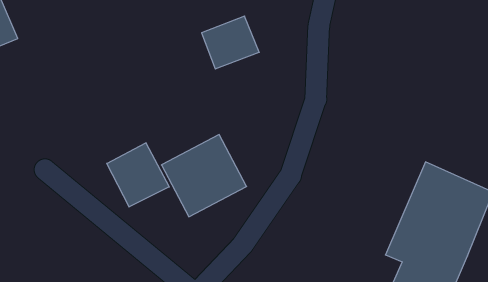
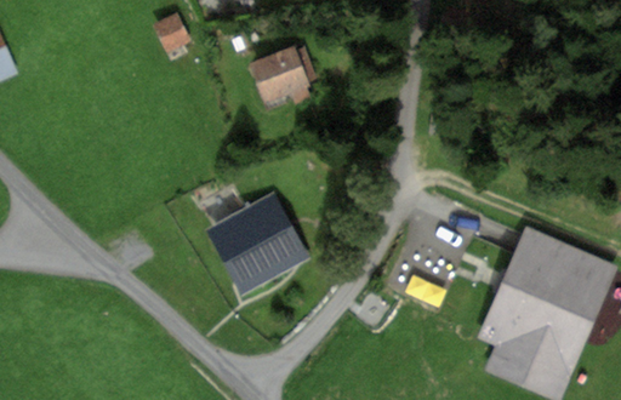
building: [107,143,169,207] -> none

